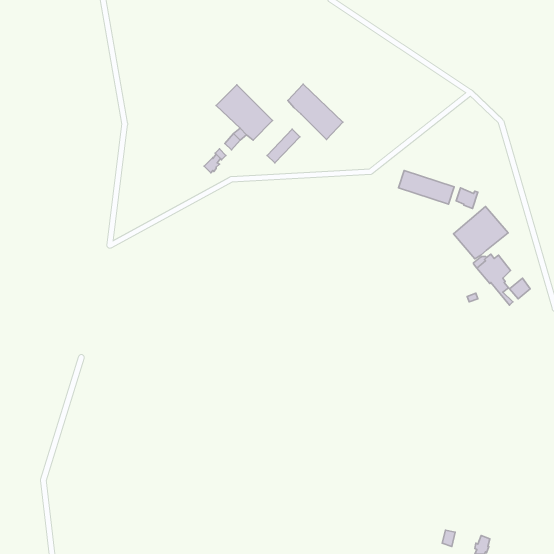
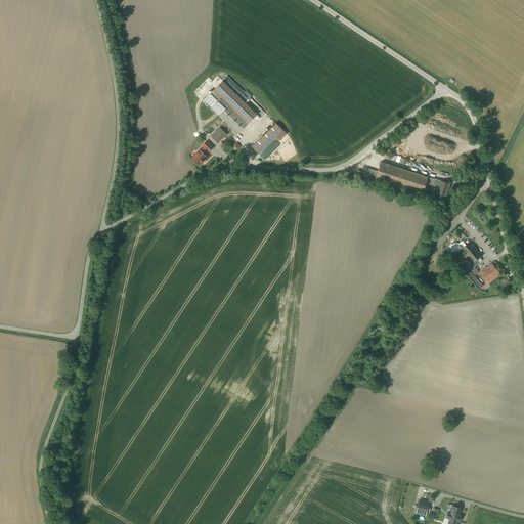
building: [288,84,343,139] -> none
building: [453,206,508,259] -> none

